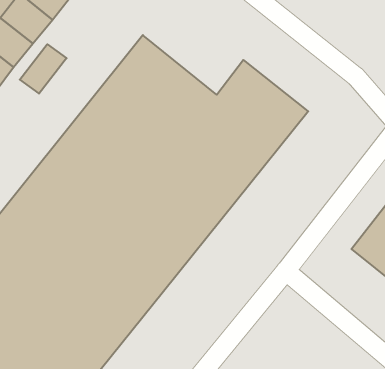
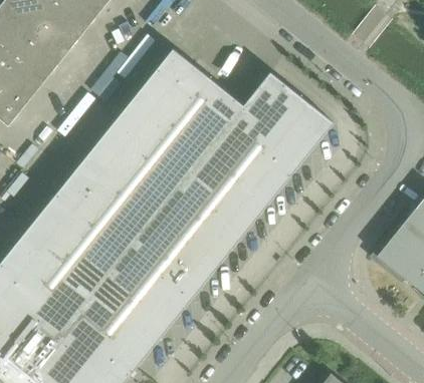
building: [20,44,67,94] -> none

